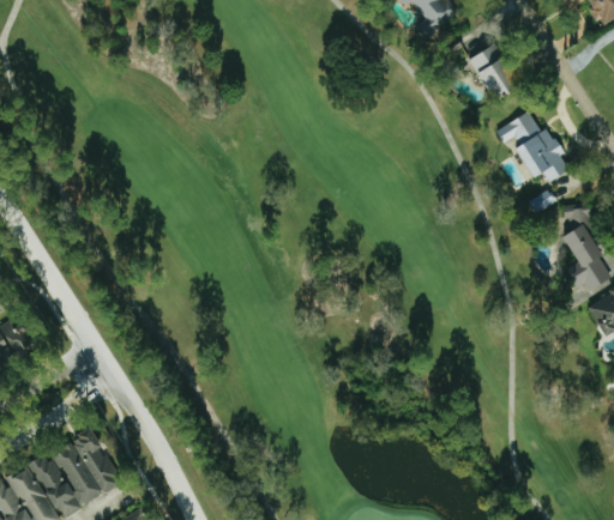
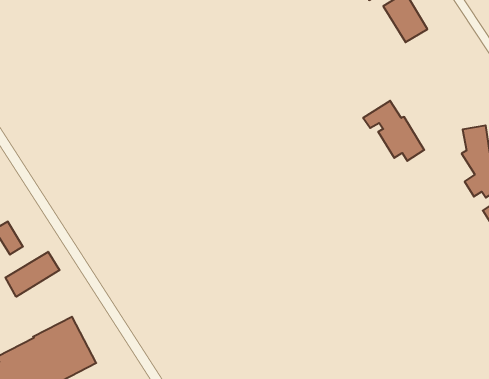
building: [495,110,568,182] -> [363,101,424,161]
building: none -> [5,252,60,297]

